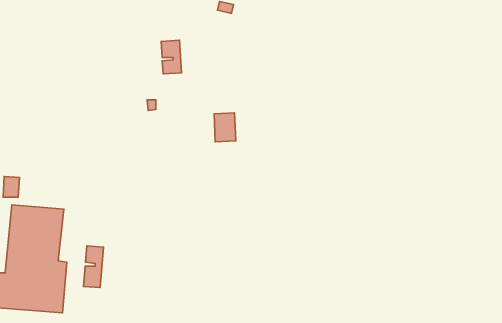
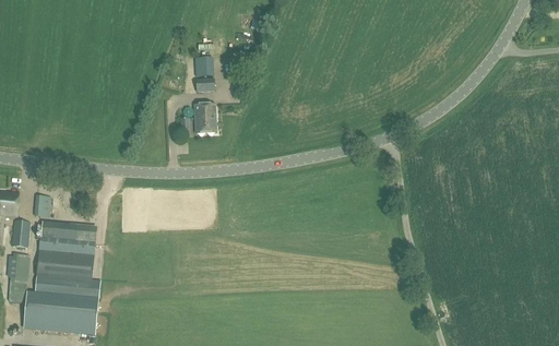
building: [214,113,236,142] -> [193,104,215,133]
building: [83,246,104,288] -> none

